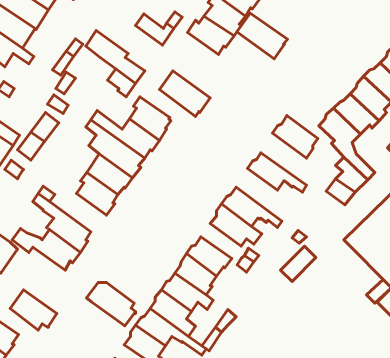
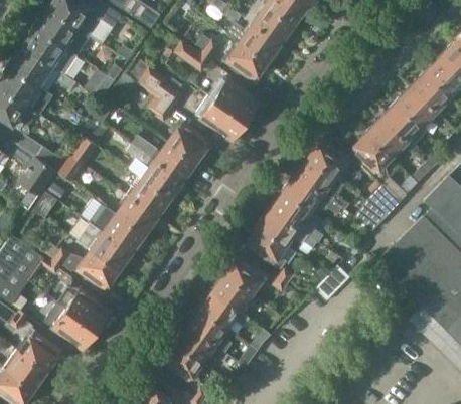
building: [237,13,288,59] -> [210,78,260,123]
building: none -> [296,157,345,207]
building: none -> [272,191,321,242]
building: none -> [102,215,146,252]
building: [87,282,135,326] -> [60,289,108,332]

